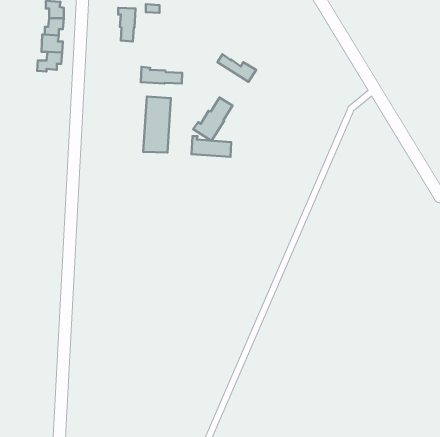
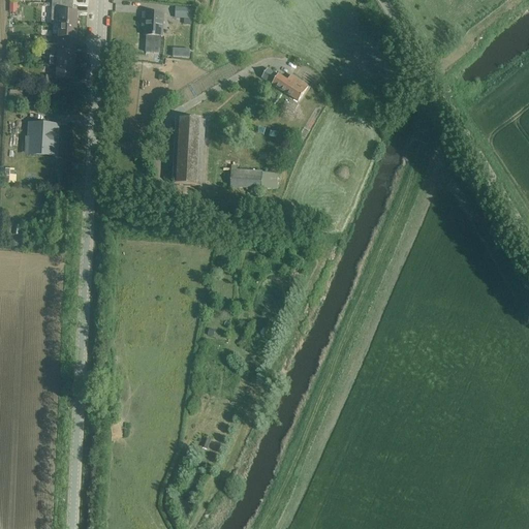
building: [141,67,182,84] -> none
building: [193,98,232,141] -> none
building: none -> [30,124,54,150]

